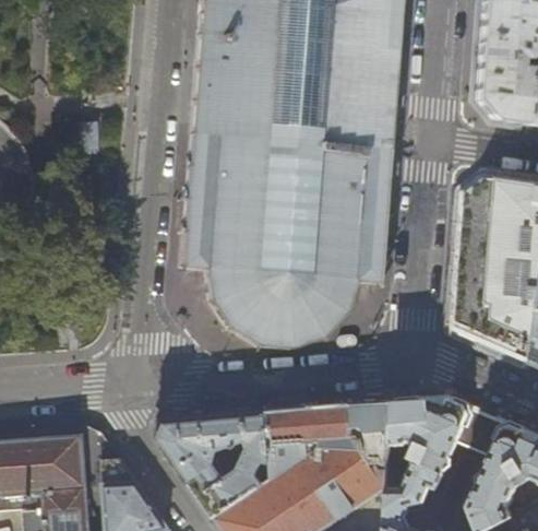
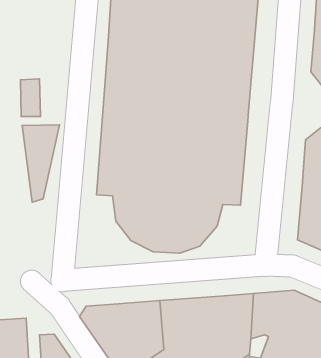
building: none -> [22,125,59,202]

